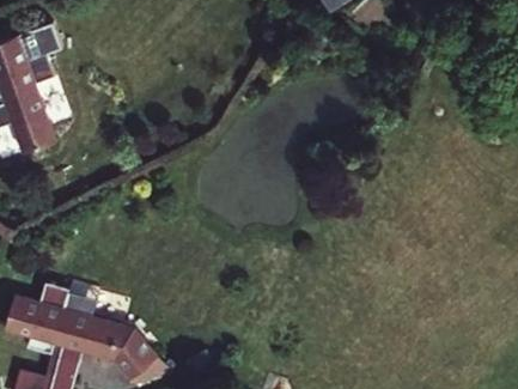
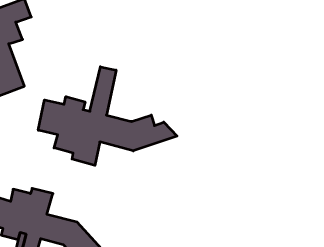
building: none -> [38,67,177,165]

